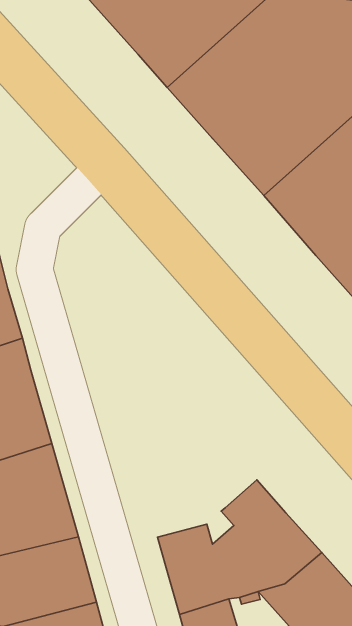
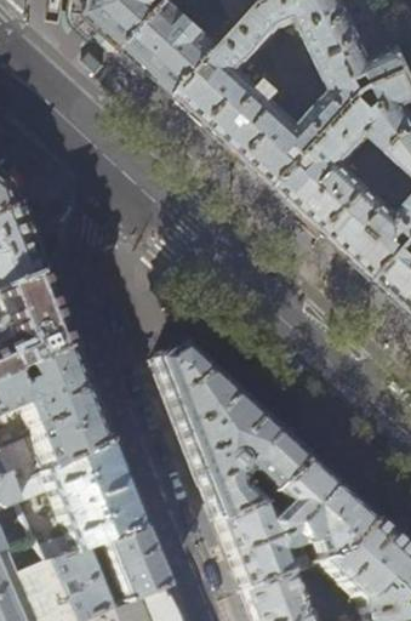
building: none -> [156,343,306,522]

